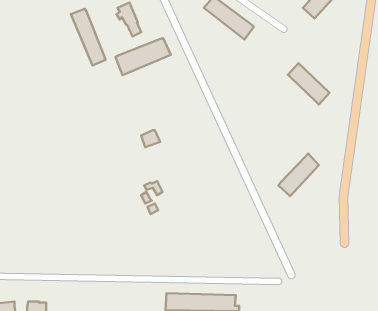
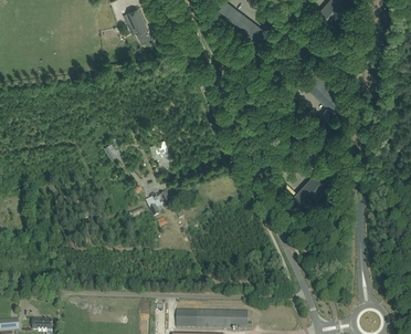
building: [71,9,106,66] -> none
building: [115,38,171,75] -> none

